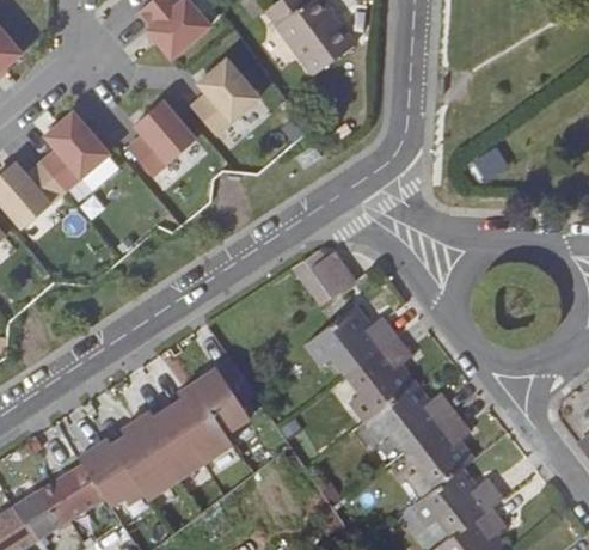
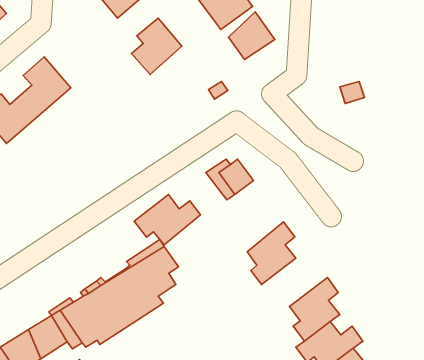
building: none -> [228,12,275,59]
building: [127,102,195,177] -> none
building: [306,308,395,377] -> [134,195,200,245]
building: [366,385,455,451] -> none

